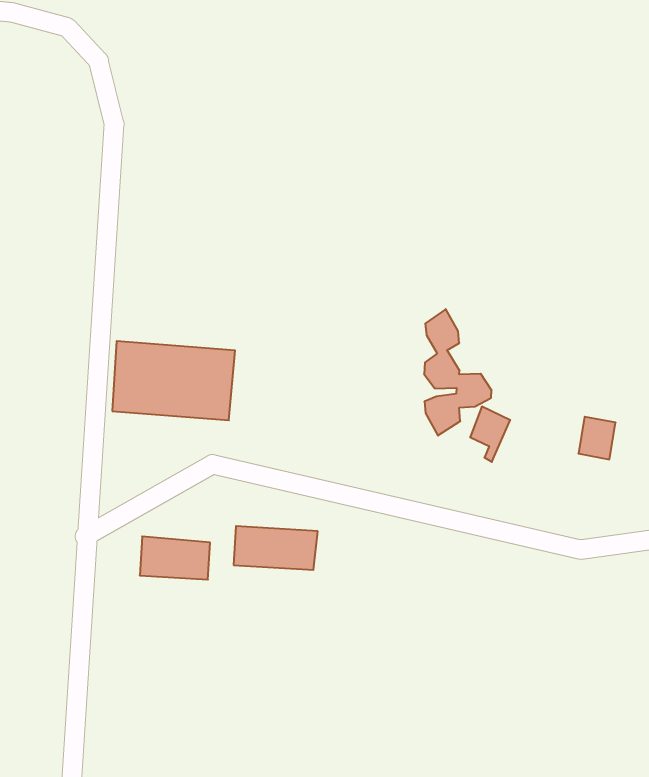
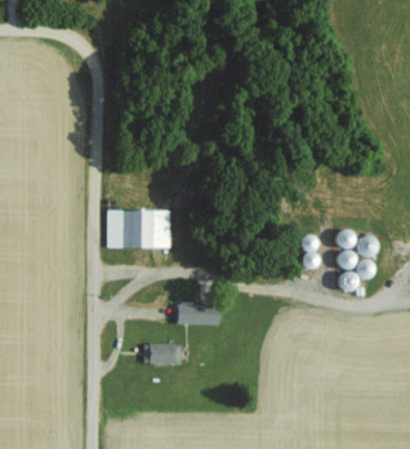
building: [424,309,492,436] -> [335,227,373,294]
building: [140,536,210,580] -> [144,343,181,364]

